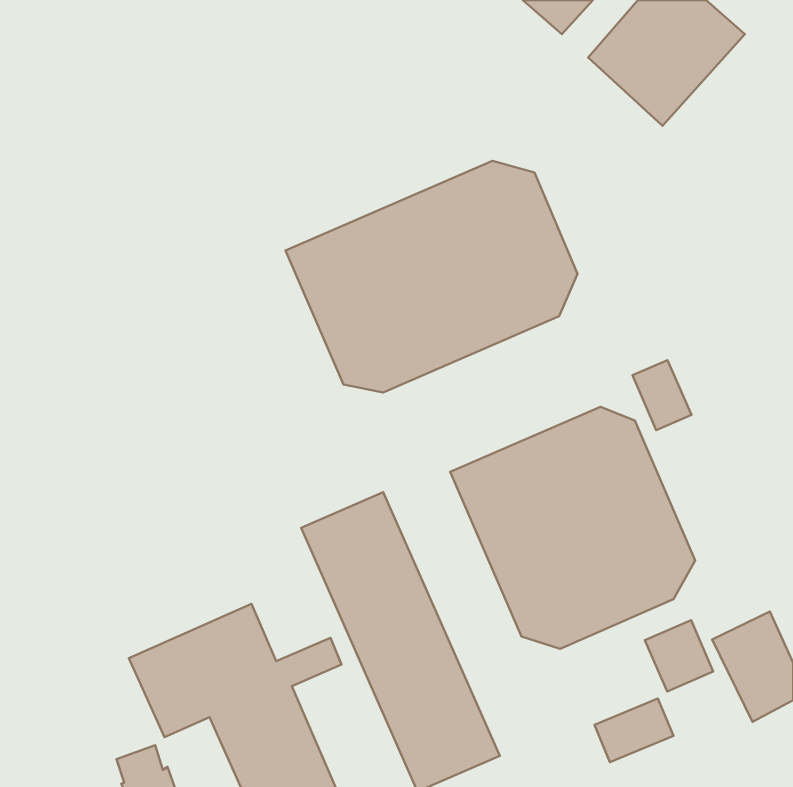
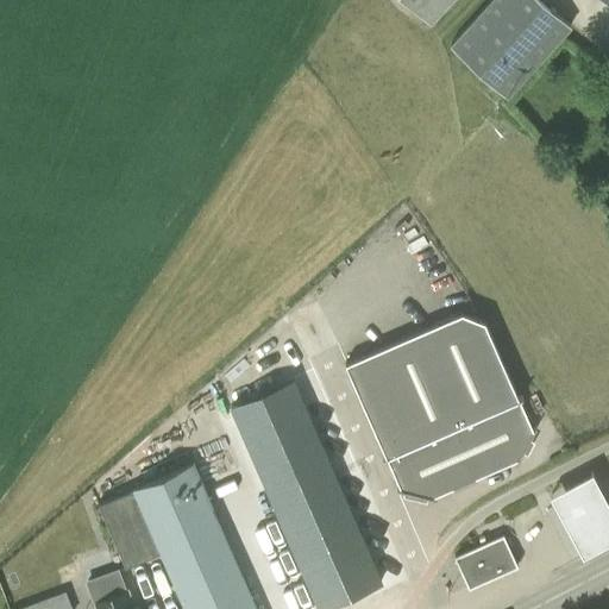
building: [285,161,578,392] -> none
building: [633,360,691,430] -> none
building: [645,620,713,691] -> none

